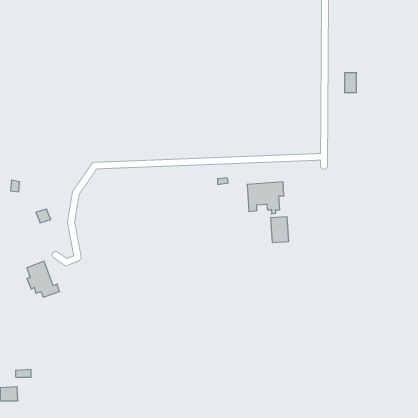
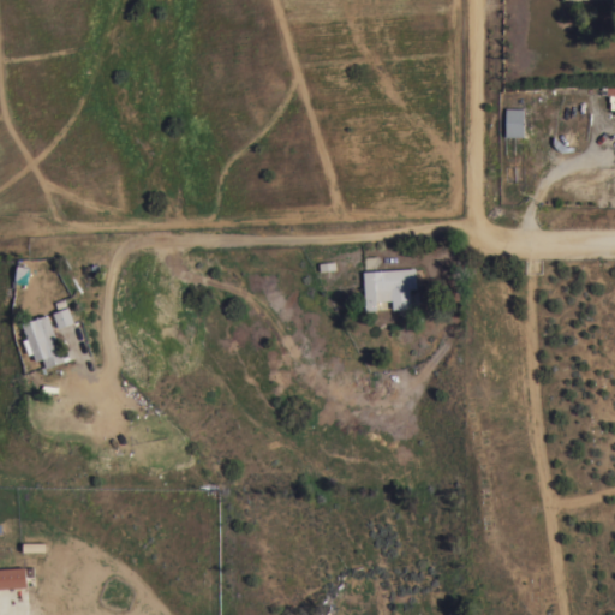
building: [271,217,288,243] -> none
building: [27,261,60,297] -> [23,315,71,368]

